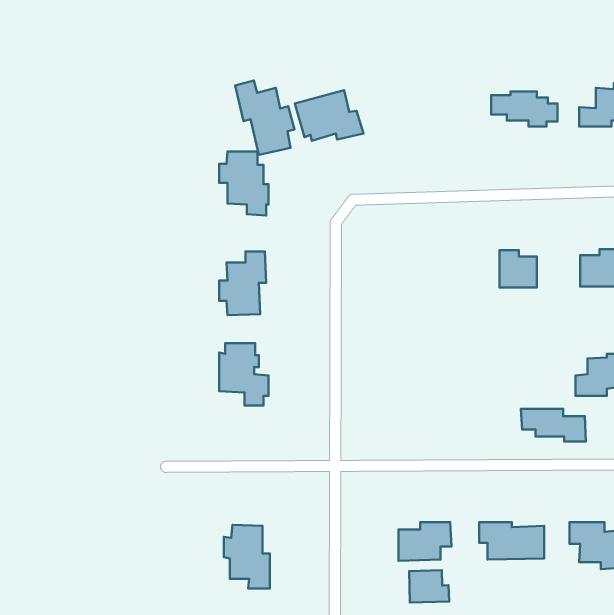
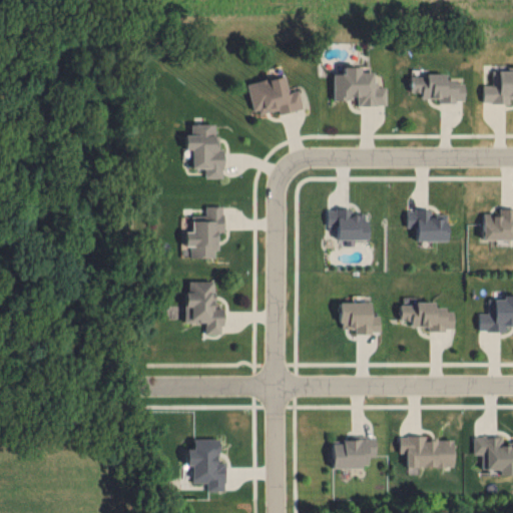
building: [235,81,294,155] -> none
building: none -> [338,70,388,109]
building: none -> [336,206,368,238]
building: none -> [340,301,381,332]
building: [521,409,586,441] -> [401,302,455,329]
building: [409,570,449,603] -> none

